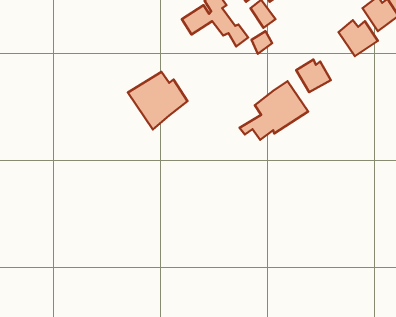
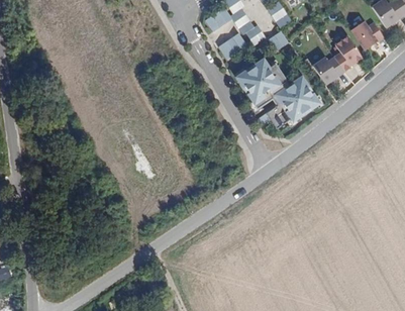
building: none -> [219,31,248,58]
building: none -> [332,35,363,75]
building: [128,72,188,130] -> [233,58,289,111]

